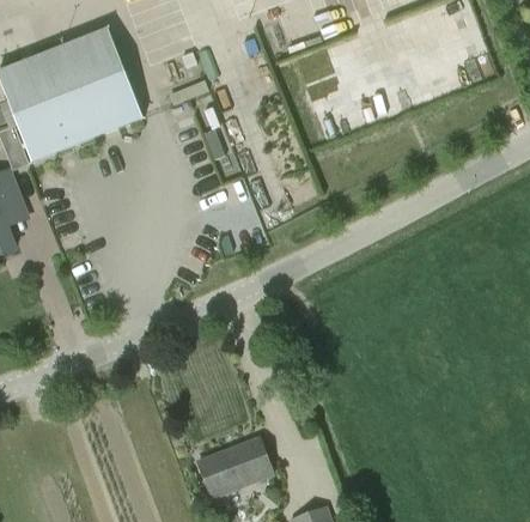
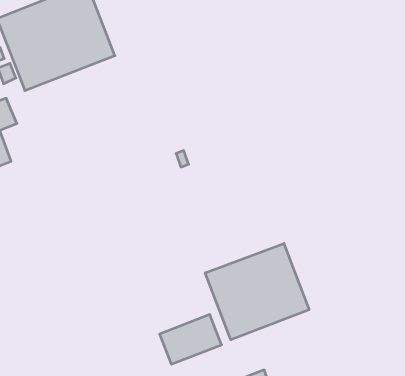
building: none -> [205,243,309,340]

